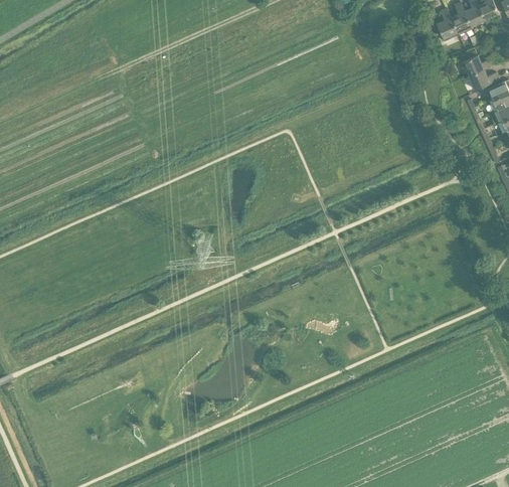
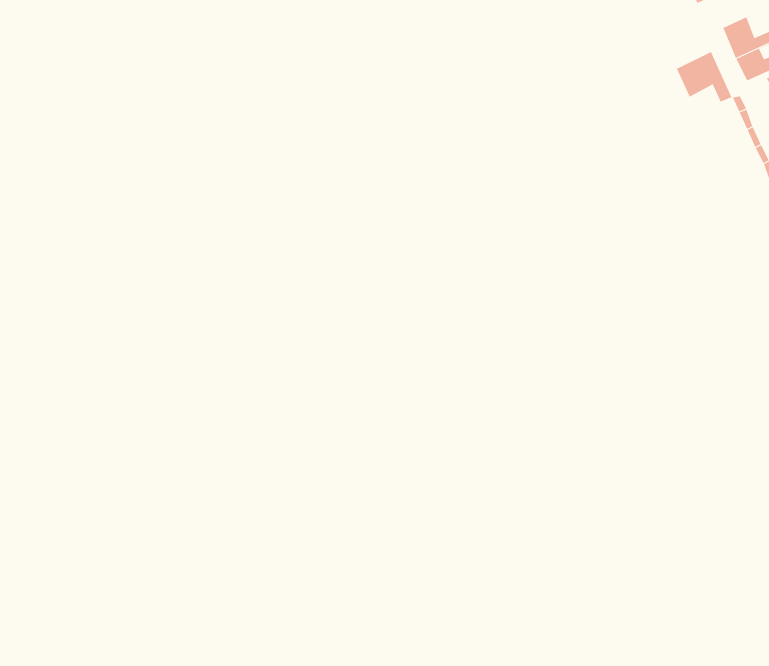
building: none -> [676,51,732,102]

